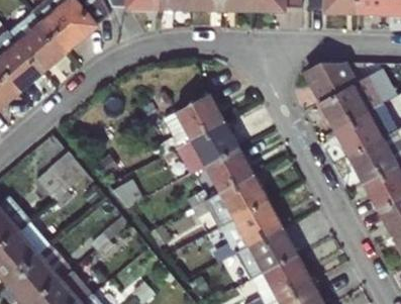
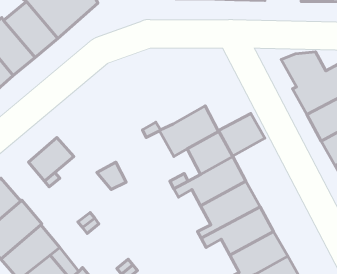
building: [175,96,224,141] -> [218,114,265,156]

